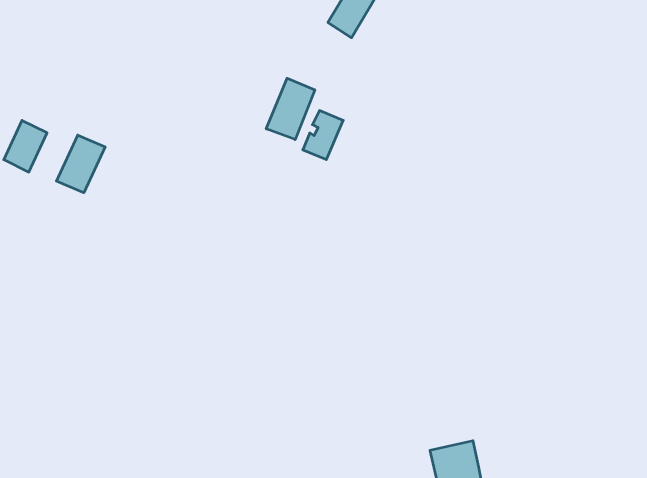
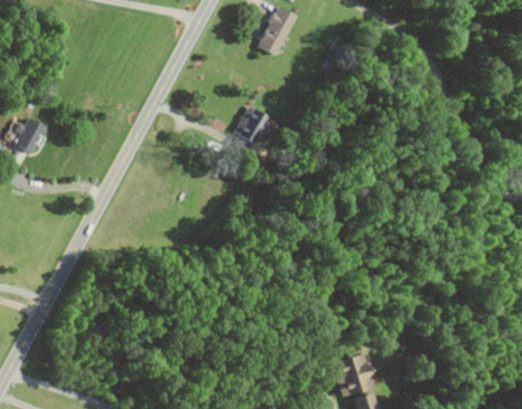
building: [266,78,315,140] -> none
building: [56,135,105,193] -> none

